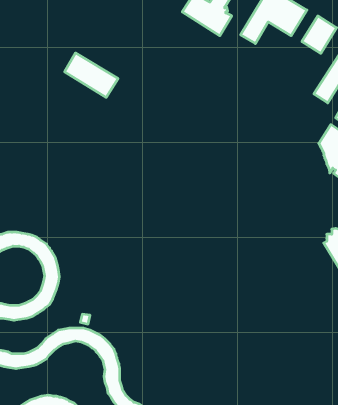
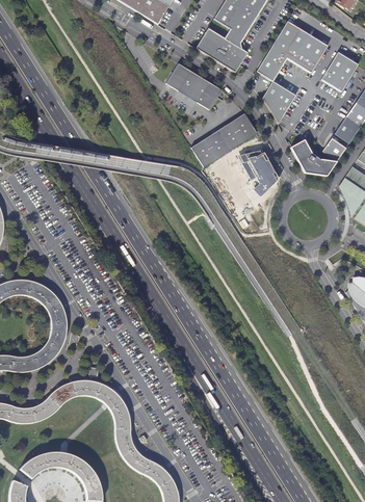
building: none -> [262,81,295,124]
building: [65,53,118,97] -> [166,62,223,109]
building: none -> [191,113,258,166]
building: none -> [291,138,346,176]
building: none -> [238,150,279,196]

